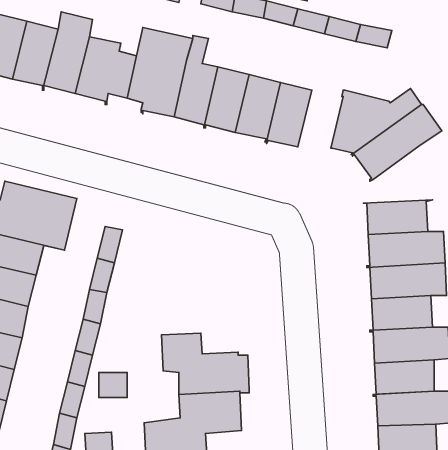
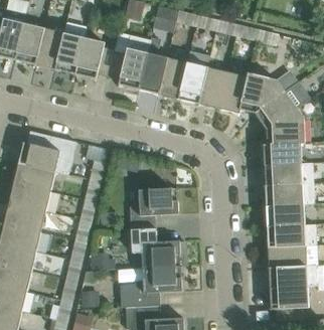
building: none -> [218,72,248,116]
building: none -> [261,108,305,145]
building: none -> [130,188,178,229]

